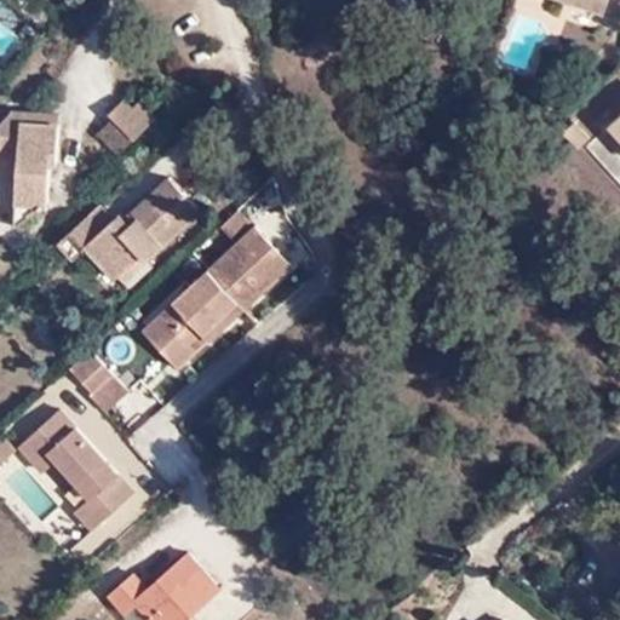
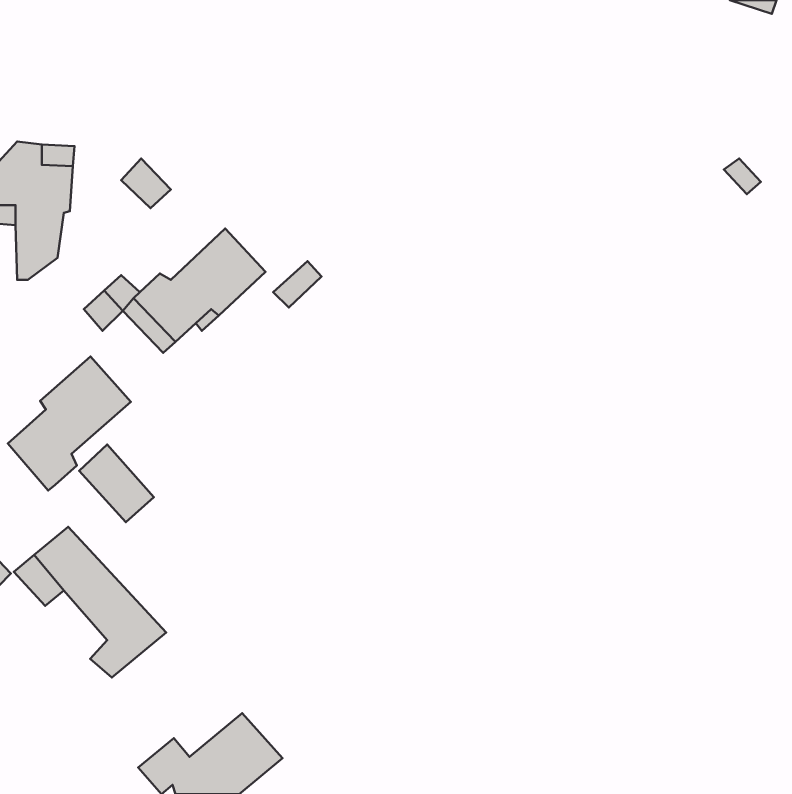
building: [107,103,156,148] -> none
building: [140,229,288,364] -> none
building: none -> [8,356,131,491]

